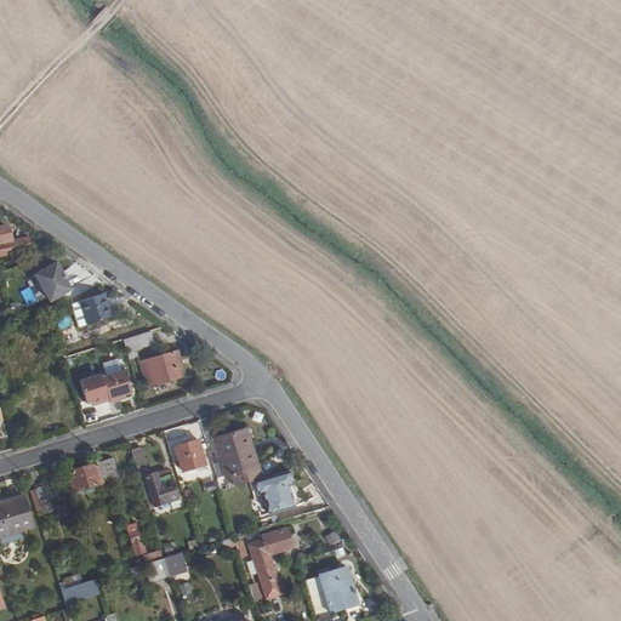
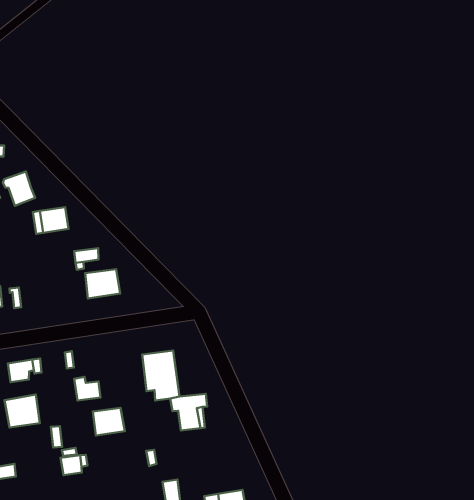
building: [81,357,133,406] -> none
building: [175,437,212,471] -> [93,408,125,436]
building: none -> [5,394,40,427]
building: [250,526,294,571] -> none

